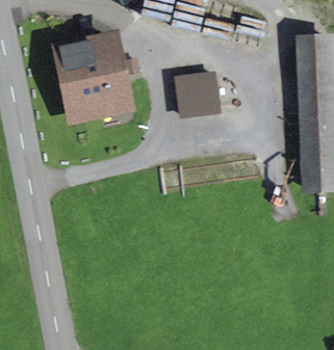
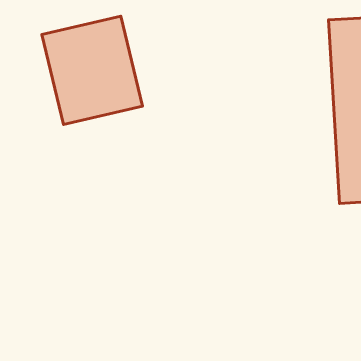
building: [176,68,225,117] -> none

